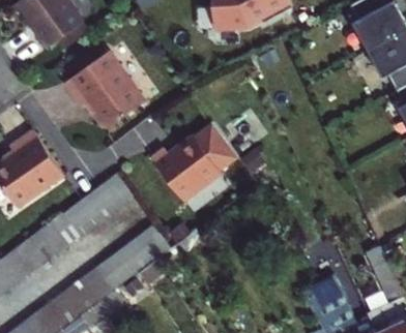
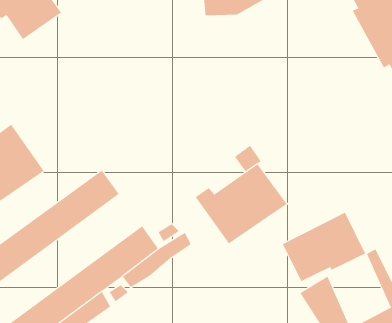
building: [59,59,136,133] -> none
building: [151,125,239,202] -> [195,163,287,244]
building: none -> [282,212,366,282]

